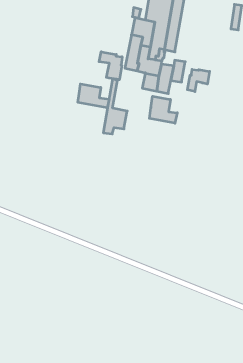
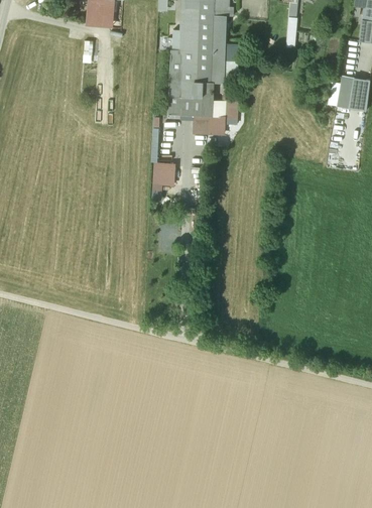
building: [99,52,122,80] -> none
building: [187,69,210,92] -> none
building: [78,84,109,108] -> none
building: [149,96,177,123] -> none

